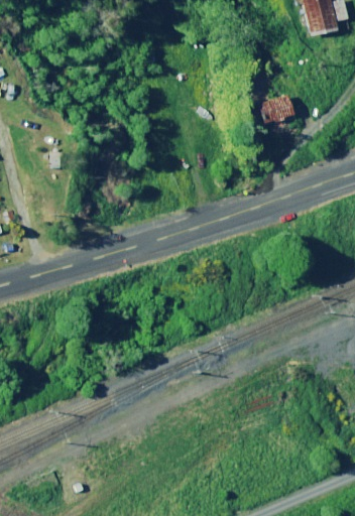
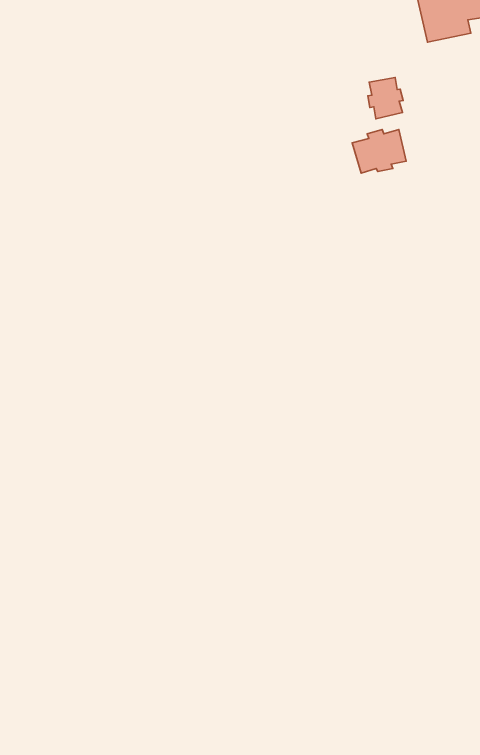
building: none -> [368,78,403,119]

